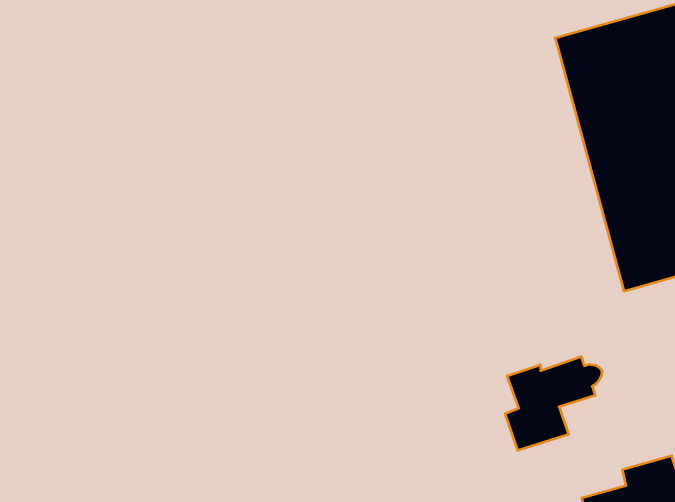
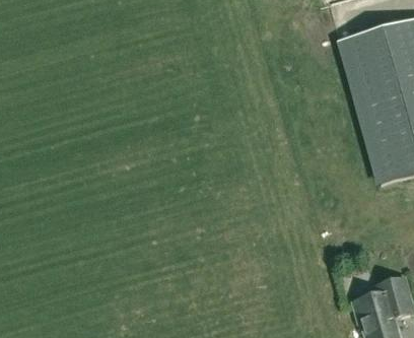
building: [505,357,602,450] -> none

